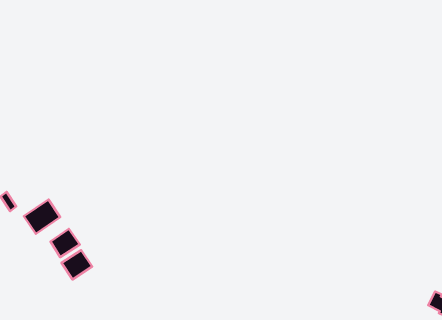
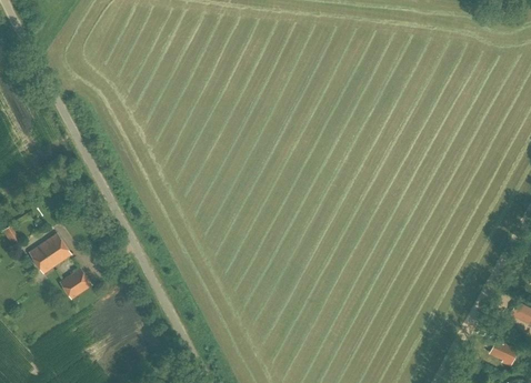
building: [62,250,92,279] -> none

